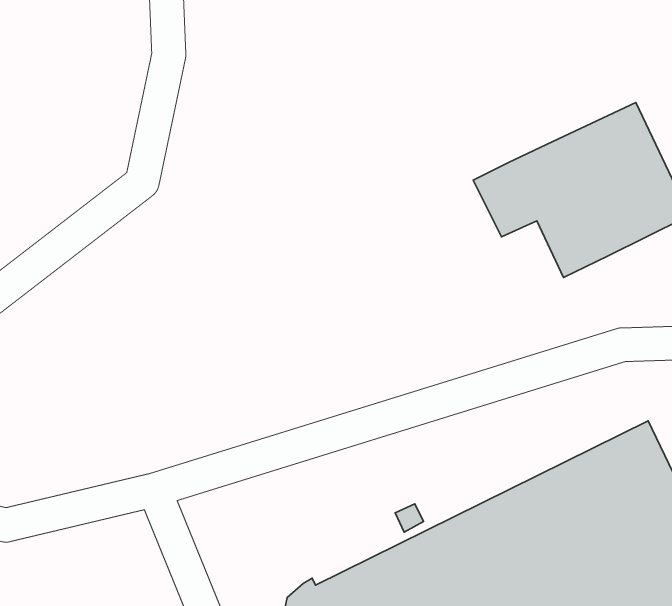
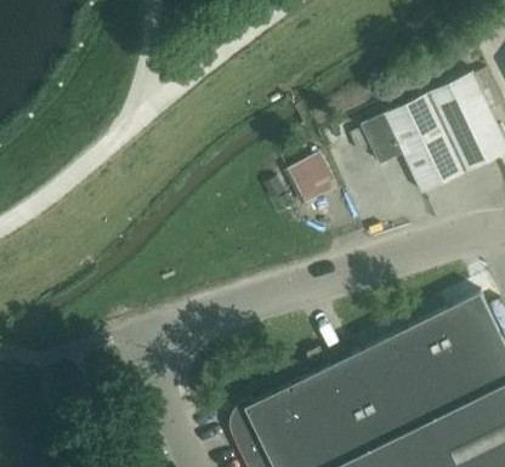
building: none -> [288,154,337,204]

